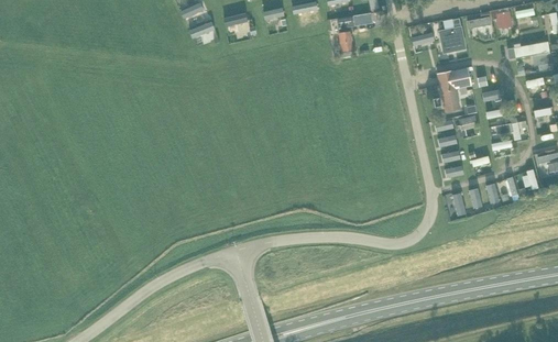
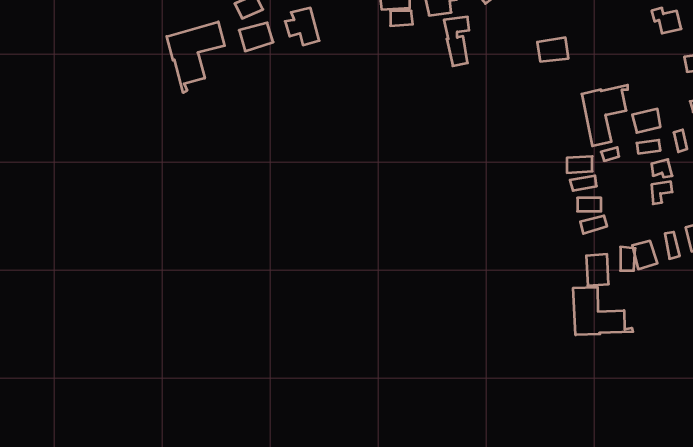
building: [444,19,470,54] -> none
building: none -> [167,22,225,93]
building: none -> [573,287,633,335]

